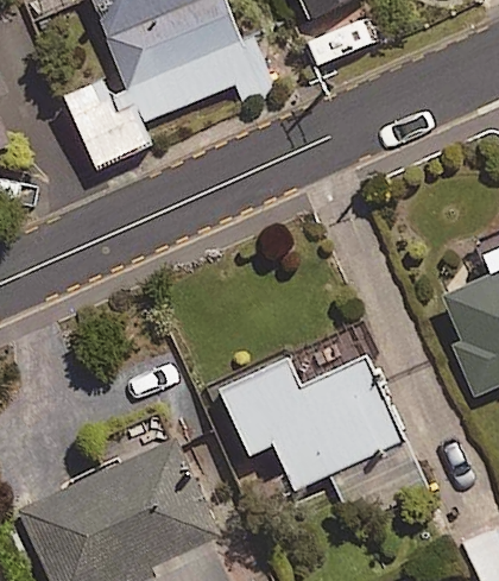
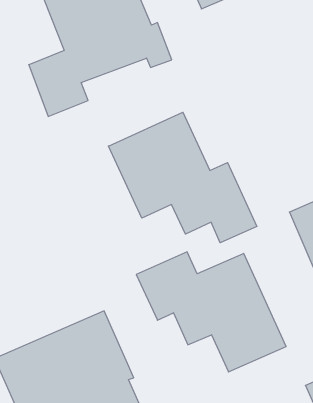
building: none -> [108,112,257,243]

